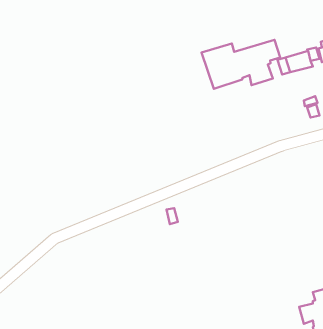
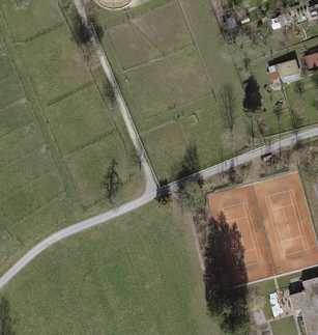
building: [202,40,280,89] -> none

